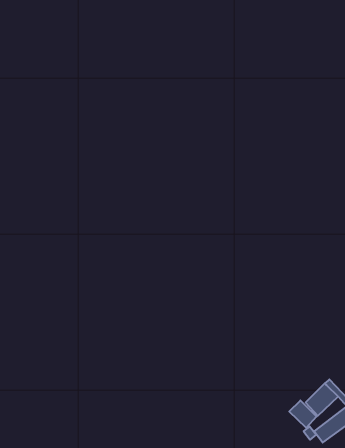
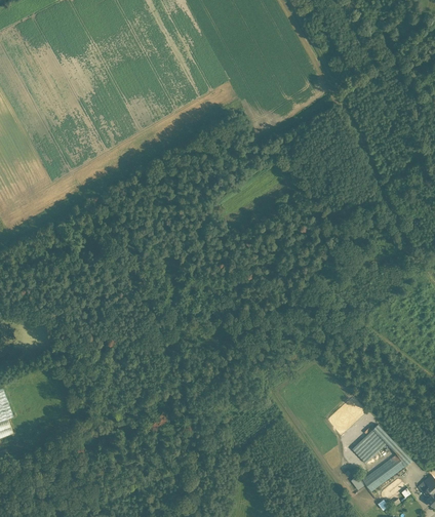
building: [289,400,317,428] -> none

